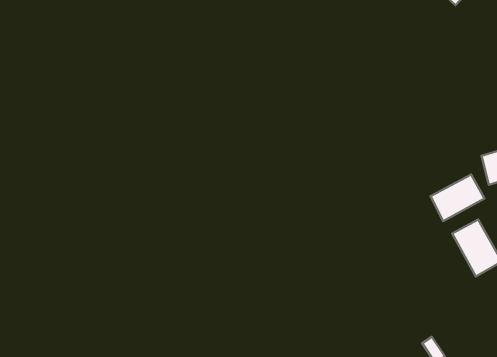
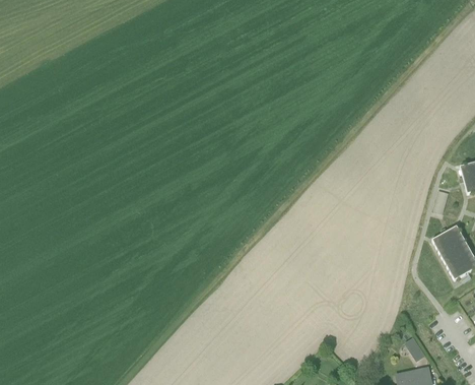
building: [430,175,485,221] -> none

